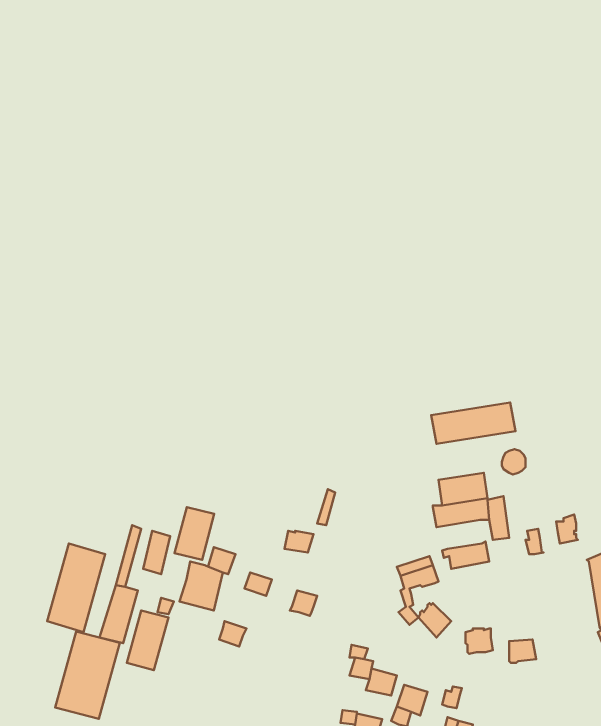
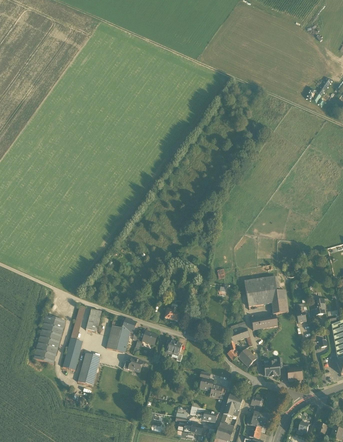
building: [431,403,515,444] -> none
building: [175,507,214,560] -> none
building: [55,632,120,719] -> none

